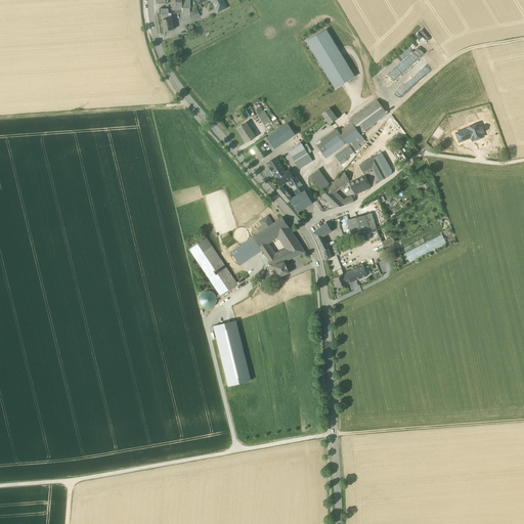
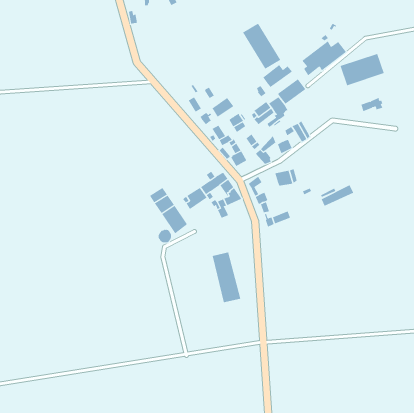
building: none -> [340,53,384,86]
building: none -> [263,64,293,88]
building: [214,320,251,385] -> [212,252,241,303]

